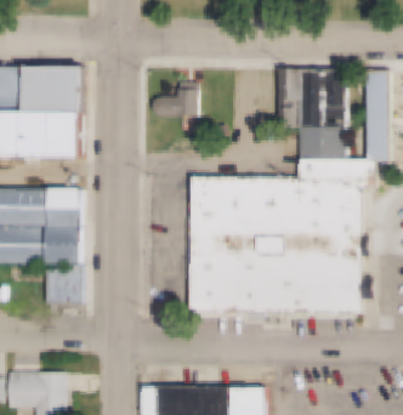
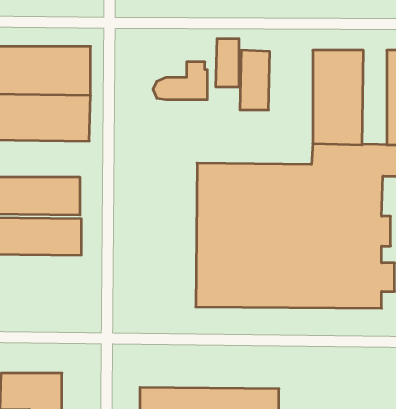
building: [276,70,297,115] -> [216,39,239,87]
building: [42,266,81,301] -> none

